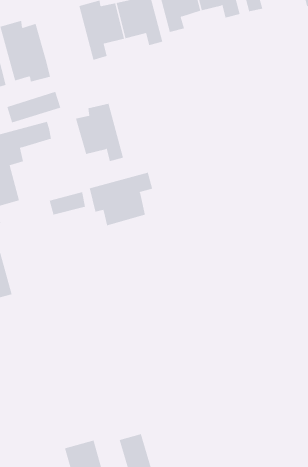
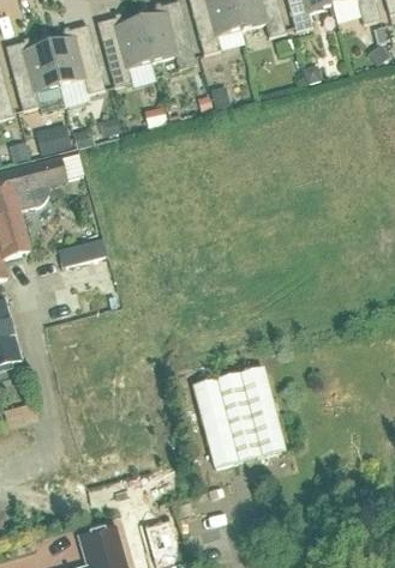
building: [75,103,124,162] -> [48,25,104,93]
building: [89,172,153,226] -> none
building: none -> [194,369,286,469]

